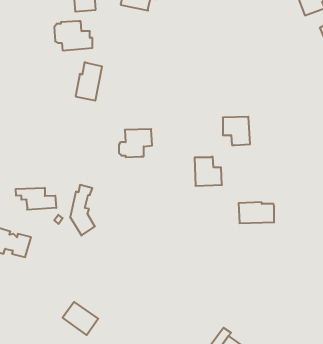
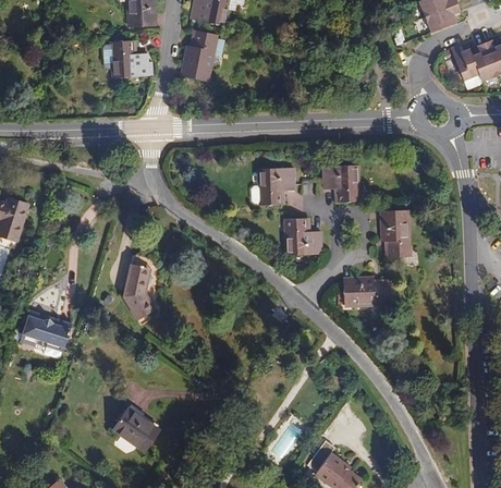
building: [76,62,102,101] -> [182,30,217,81]
building: [119,129,152,157] -> [252,169,295,206]
building: none -> [380,210,410,258]
building: [16,188,56,210] -> none

